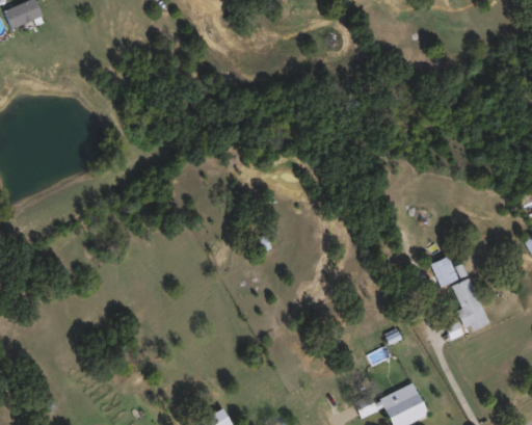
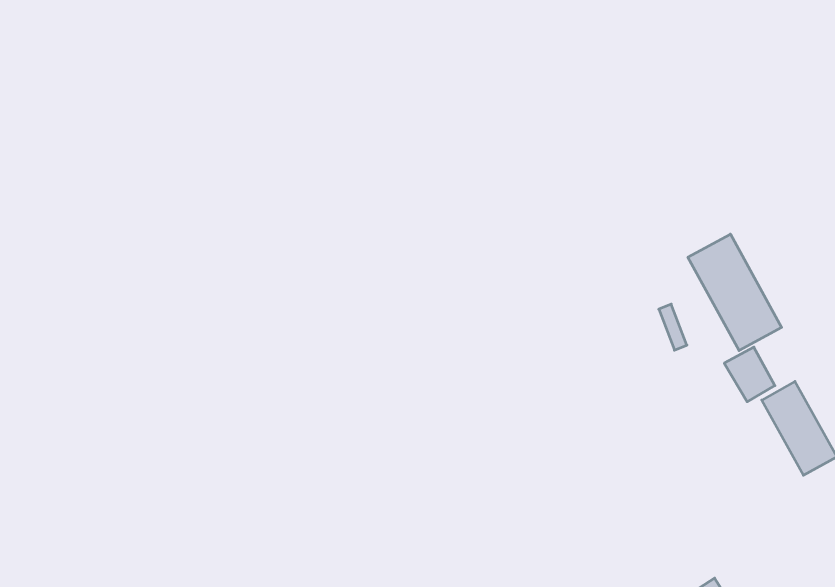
building: none -> [688,234,782,351]

